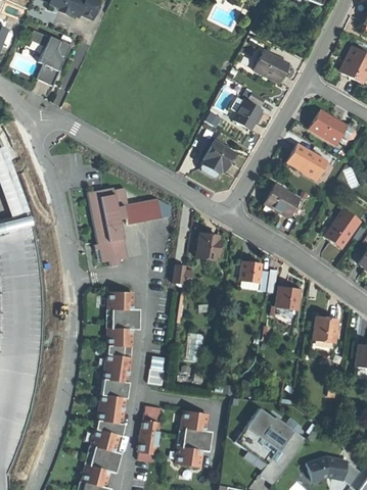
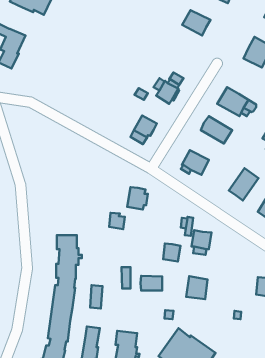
building: [254,51,288,83] -> [182,10,210,36]
building: [88,187,162,265] -> none
building: [239,260,261,283] -> [163,243,180,262]
building: [312,314,338,343] -> [186,276,207,299]
building: none -> [140,276,162,291]

